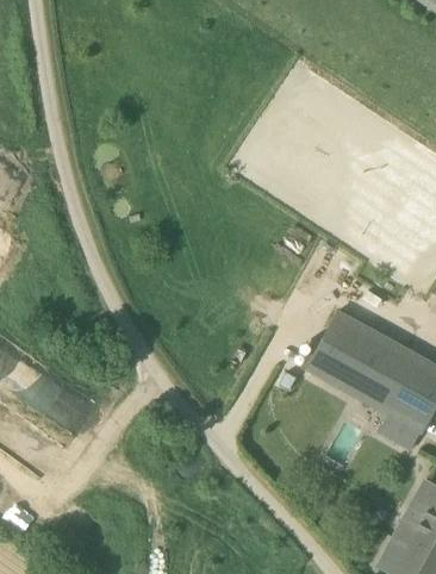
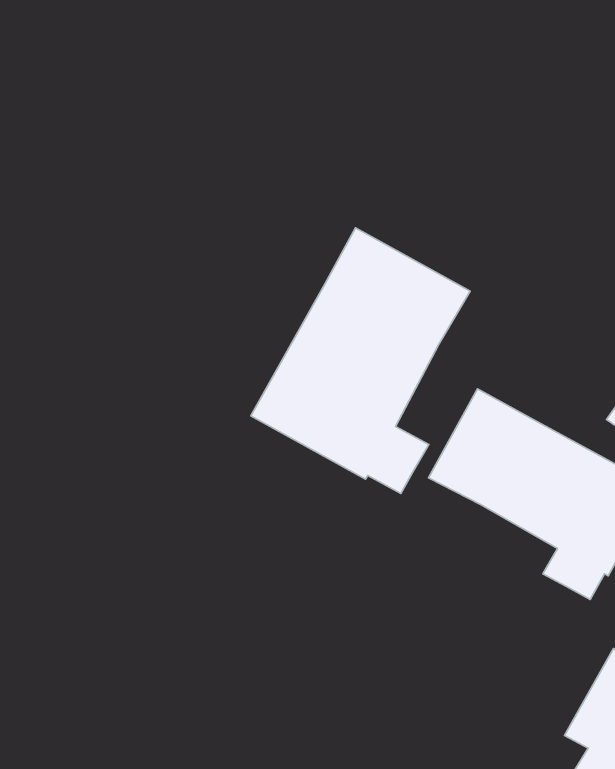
building: none -> [251,228,470,493]

